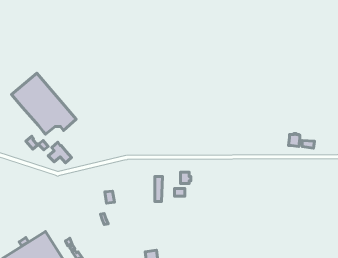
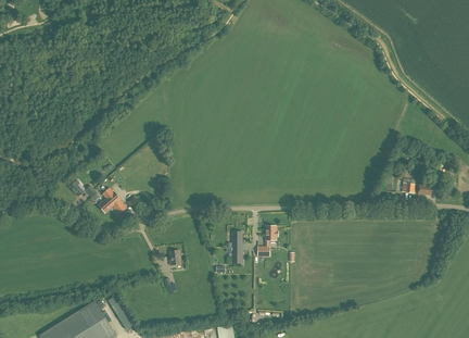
building: [12,73,76,134] -> none

